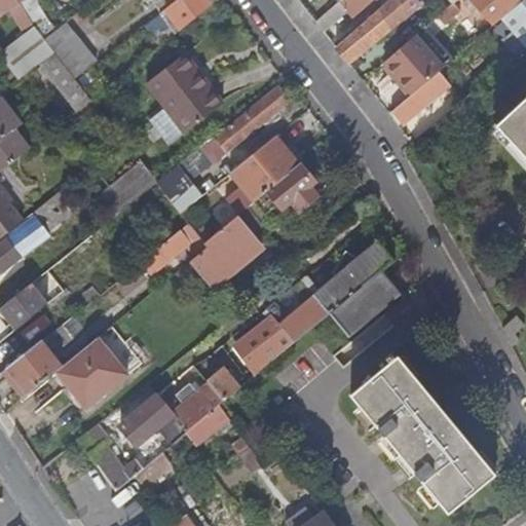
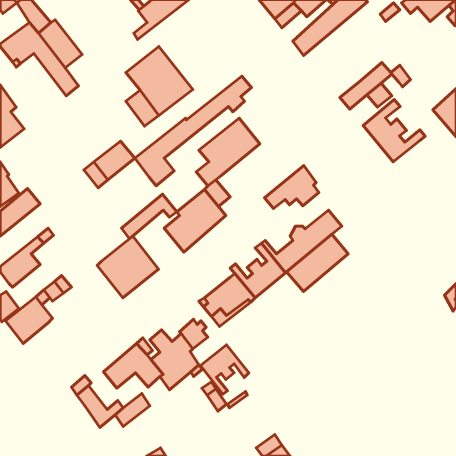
building: [385,35,444,95] -> none
building: none -> [363,100,425,162]
building: [254,165,316,215] -> [265,166,319,209]
building: [55,337,126,408] -> [97,236,159,298]
building: [349,353,496,513] -> none
building: none -> [201,345,249,394]

